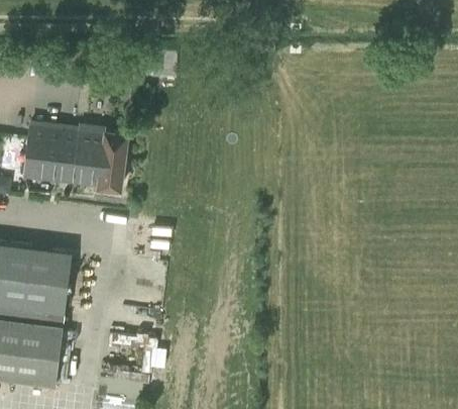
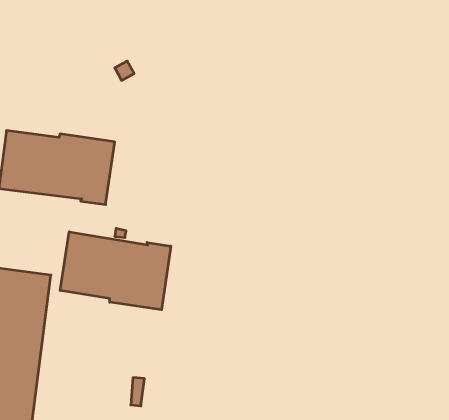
building: none -> [60,232,171,310]

